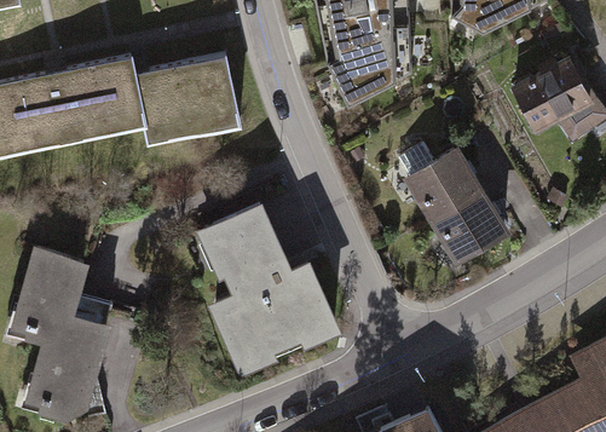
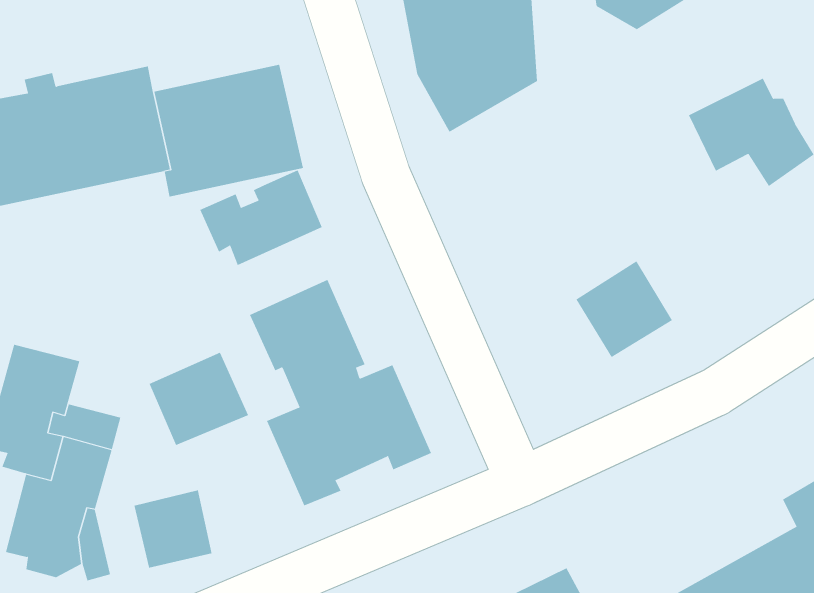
building: none -> [200,170,322,266]
building: [397,145,478,220] -> none
building: none -> [149,352,249,446]
building: none -> [134,489,212,569]

